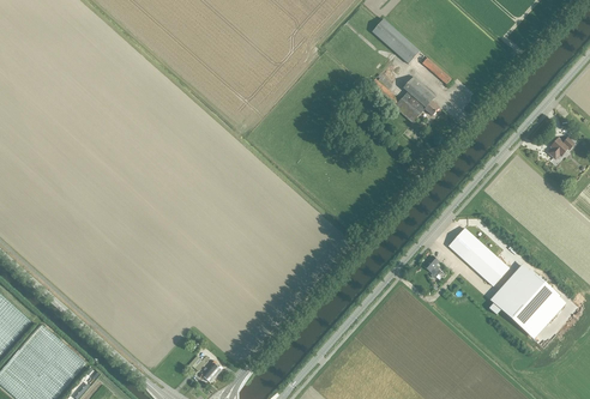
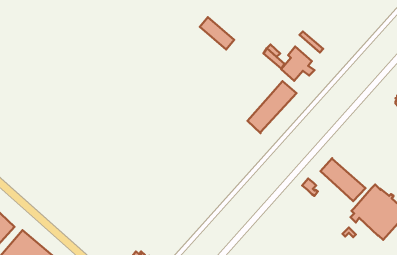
building: [372,19,419,64] -> [200,17,234,50]
building: none -> [248,81,296,133]

